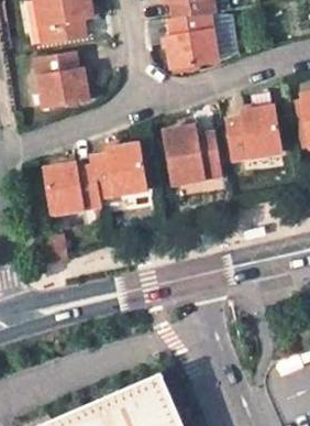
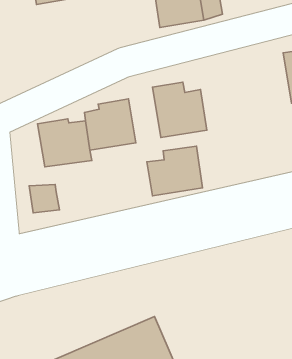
building: [32,53,86,110] -> none
building: [224,106,280,160] -> none
building: none -> [147,146,203,196]

